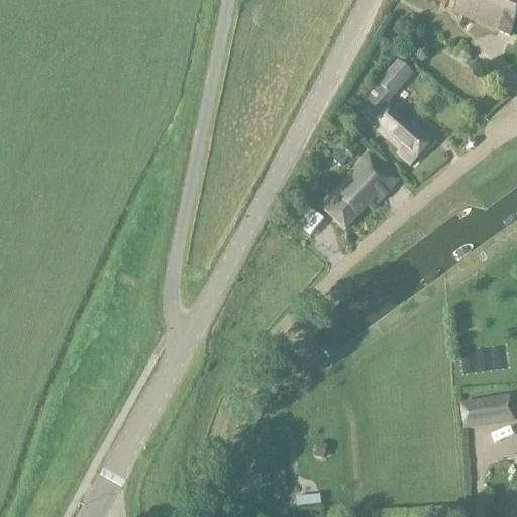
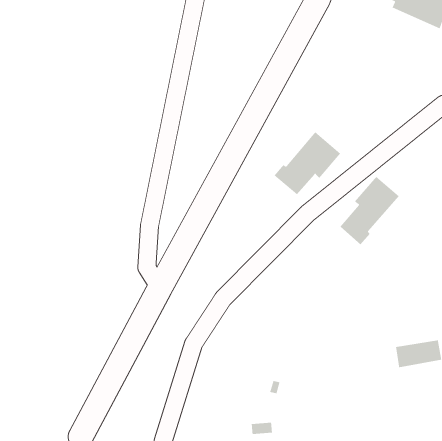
building: [370,60,436,164] -> none
building: none -> [340,176,400,245]

